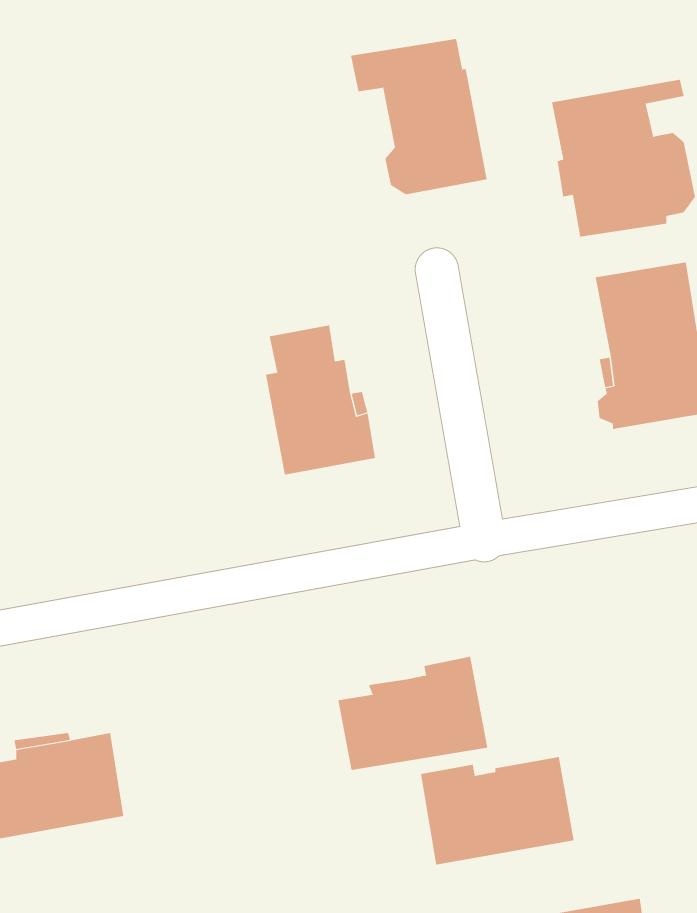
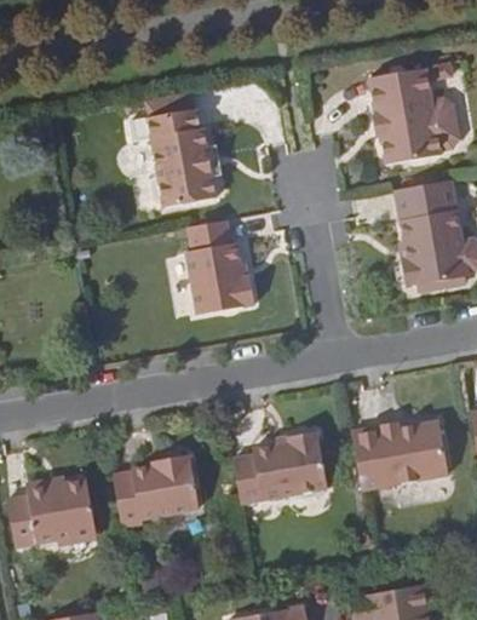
building: [350,39,487,195] -> [132,108,219,207]
building: none -> [113,454,201,527]
building: [420,757,575,865] -> [351,420,449,489]

